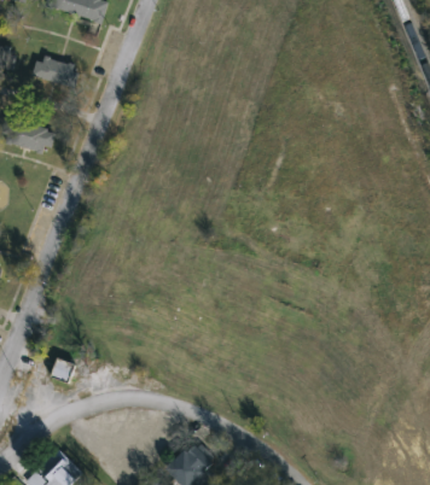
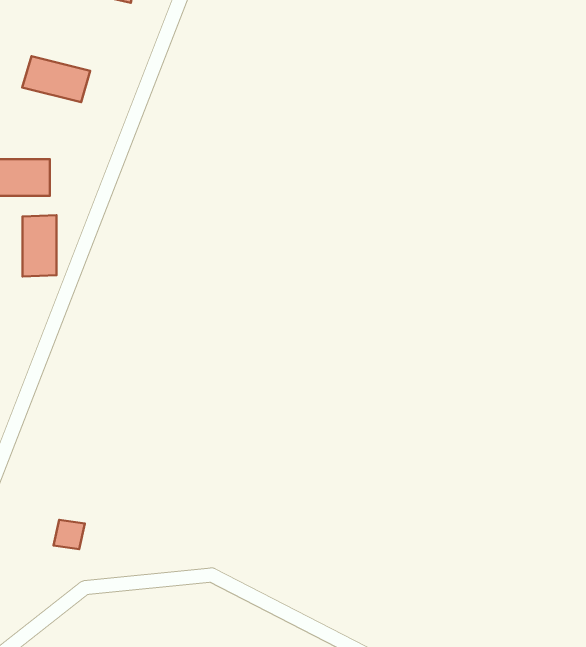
building: none -> [23,215,57,277]

